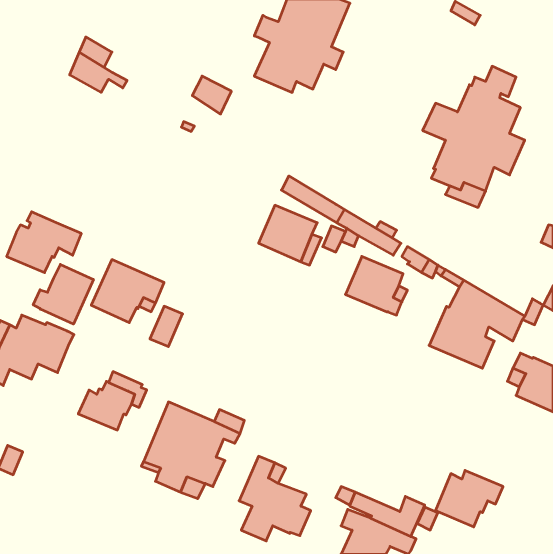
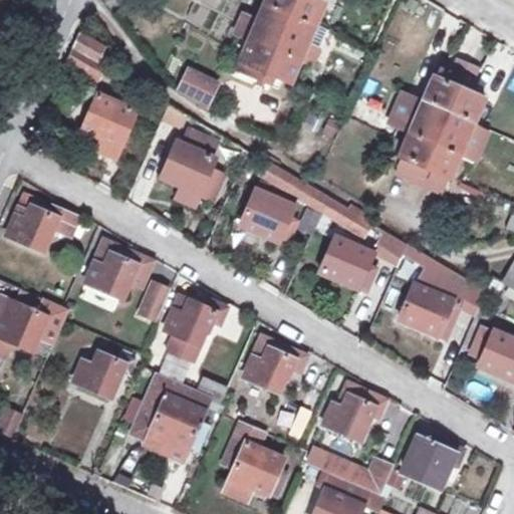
building: none -> [81,94,139,158]
building: none -> [161,130,224,206]
building: [33,264,93,324] -> none
building: none -> [164,296,226,360]
building: none -> [242,335,306,393]
building: none -> [322,383,386,440]

